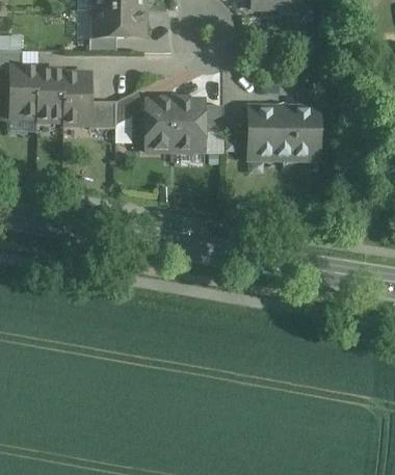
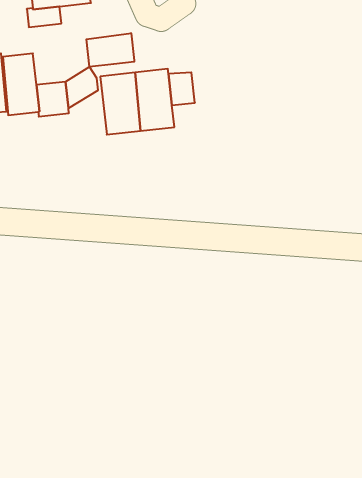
building: none -> [86,33,134,67]
building: [247,103,318,158] -> none

